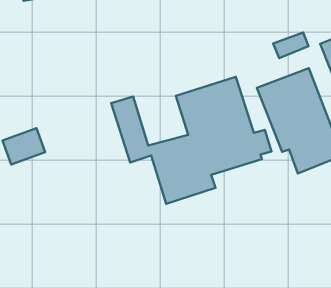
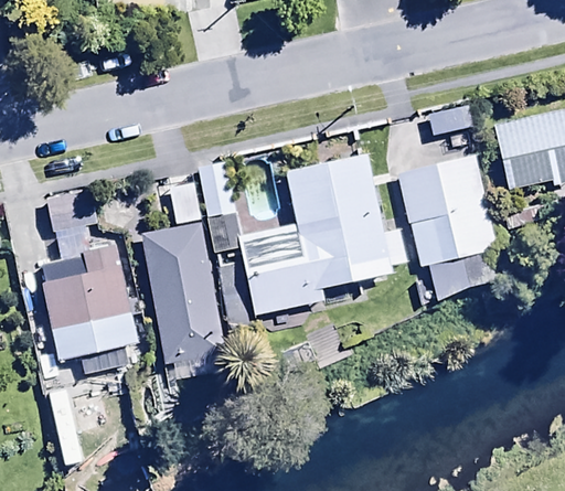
building: none -> [145,182,225,380]
building: none -> [38,231,137,361]

